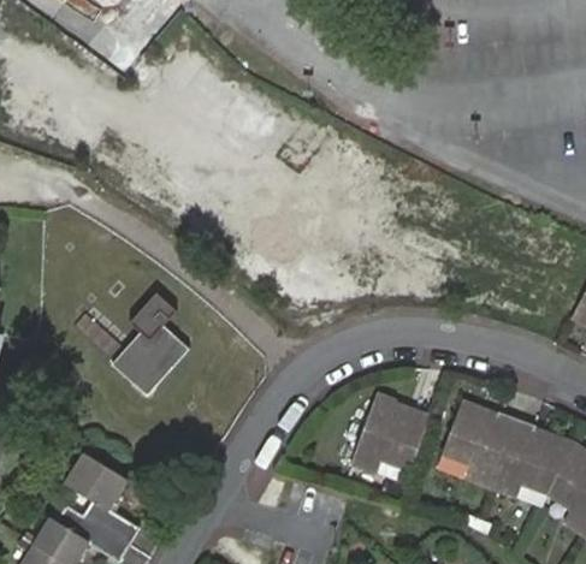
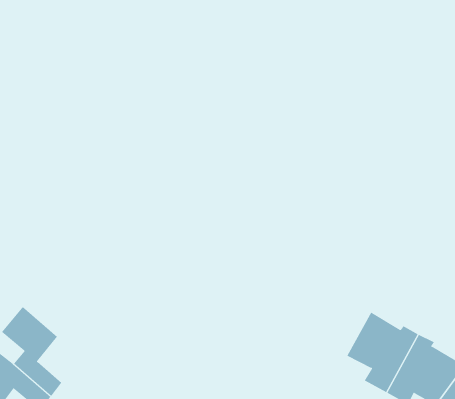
building: [112,292,188,393] -> none
building: [350,394,428,471] -> none

